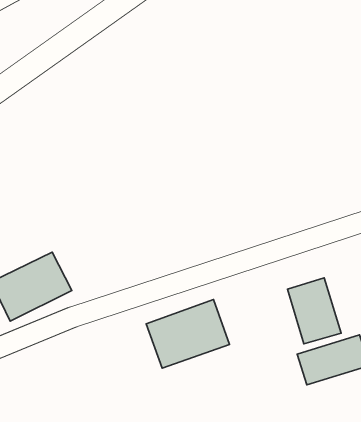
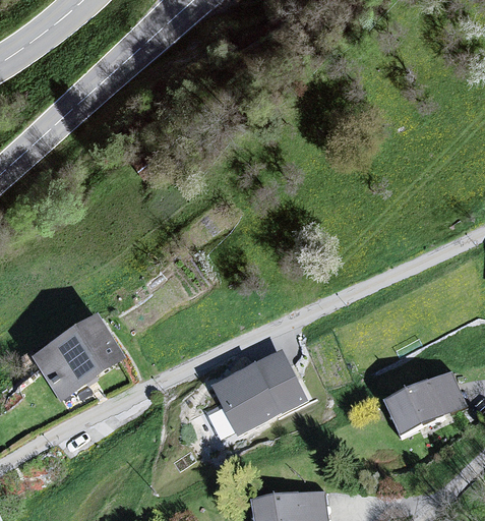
building: [288,278,341,344] -> none

